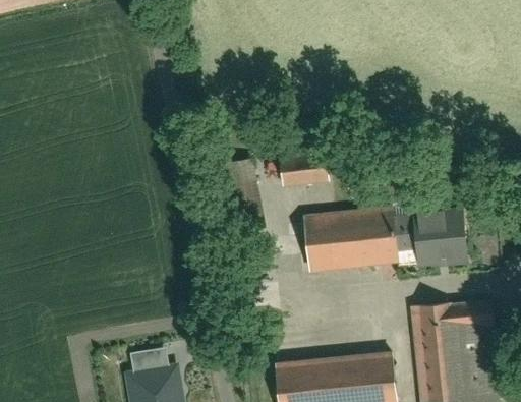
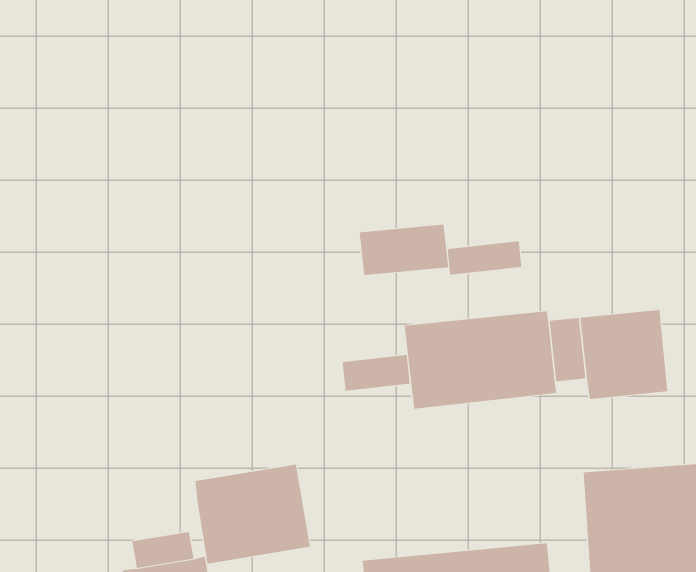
building: none -> [447,241,522,276]
building: none -> [342,354,410,391]
building: none -> [195,464,310,565]

